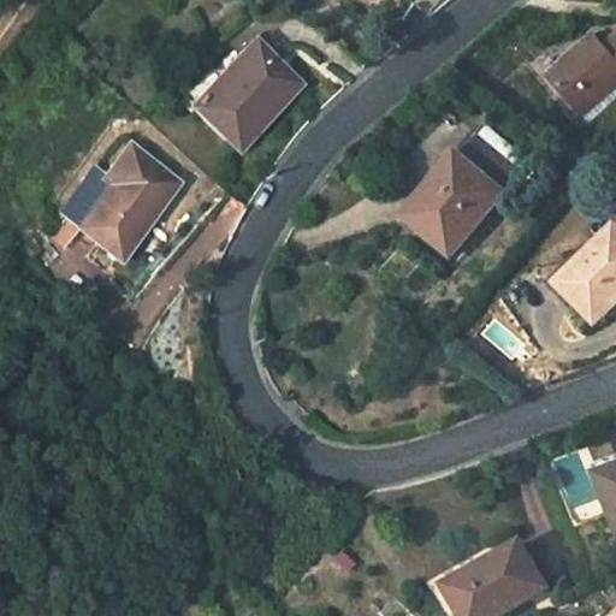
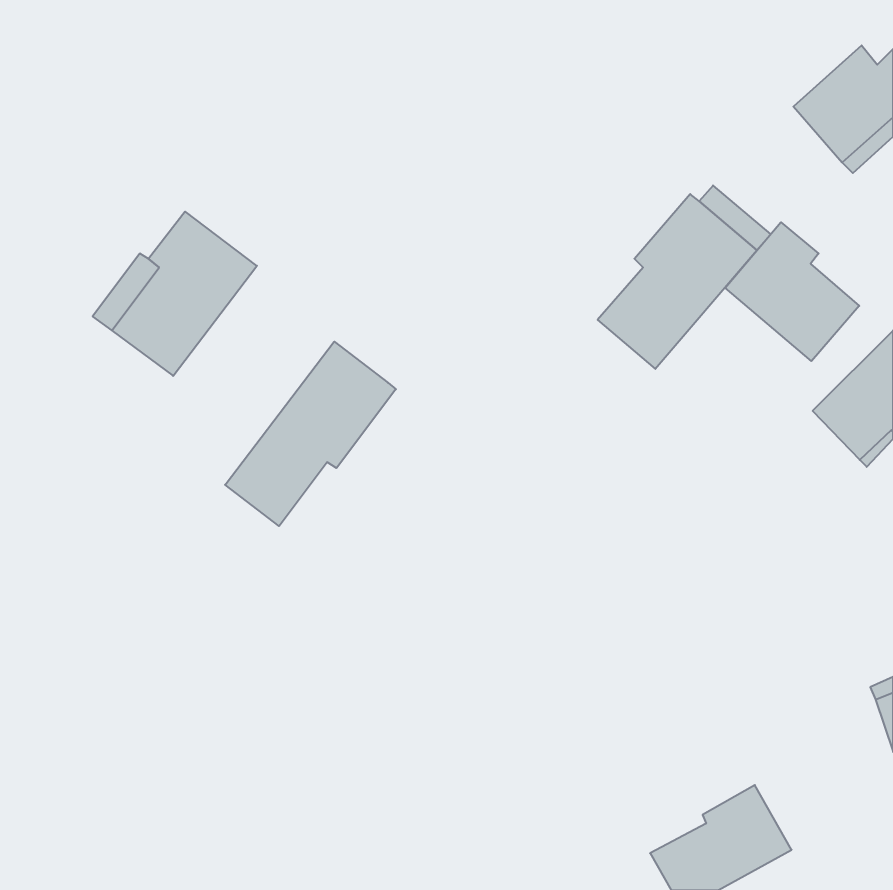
building: [180,41,300,150] -> none
building: none -> [725,222,859,361]
building: none -> [225,342,396,526]

